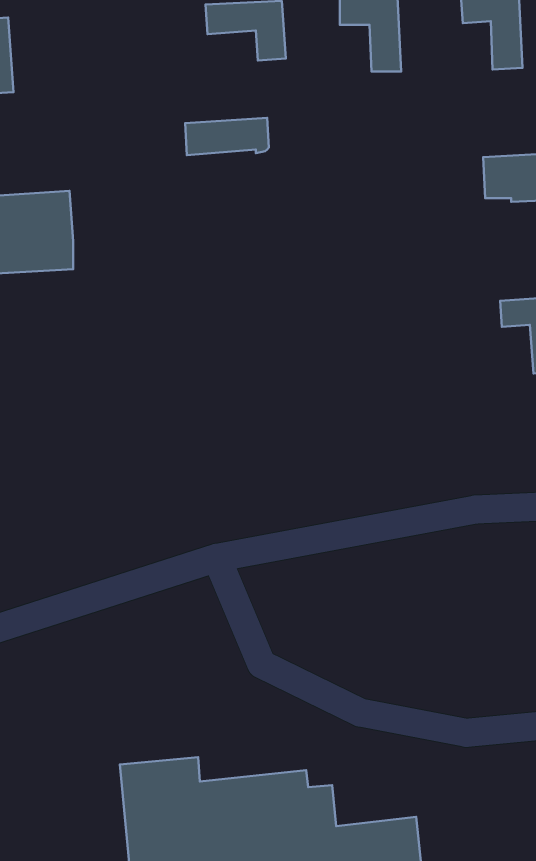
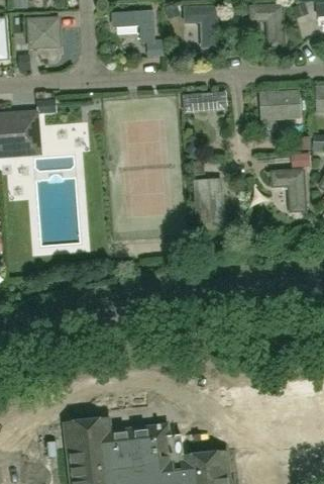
building: none -> [27,17,60,47]
building: [185,118,269,155] -> [182,90,227,110]
building: none -> [195,179,221,216]

